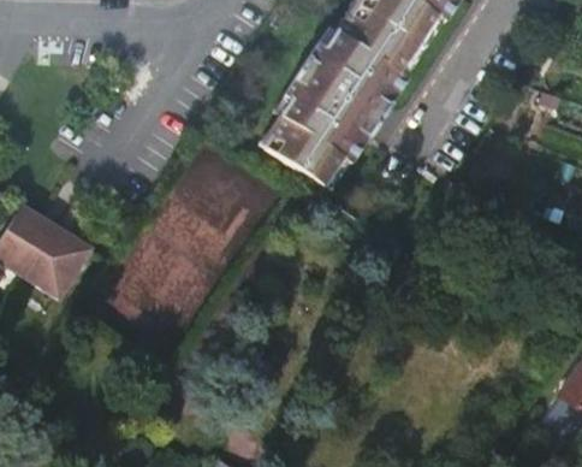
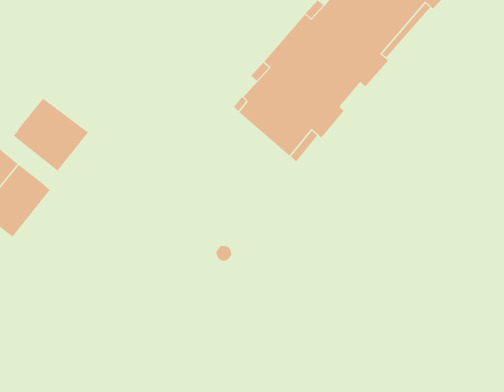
building: none -> [13,98,89,171]

